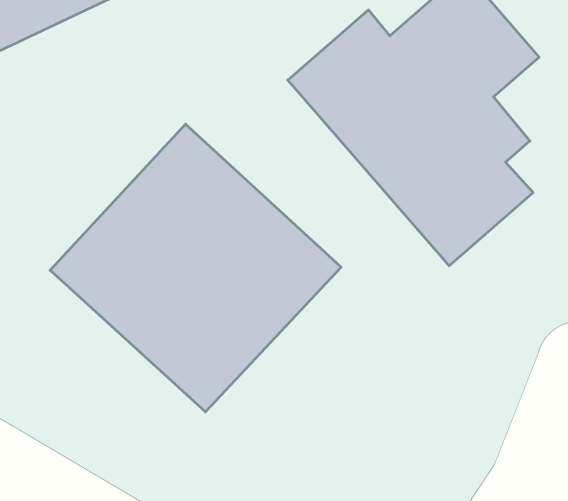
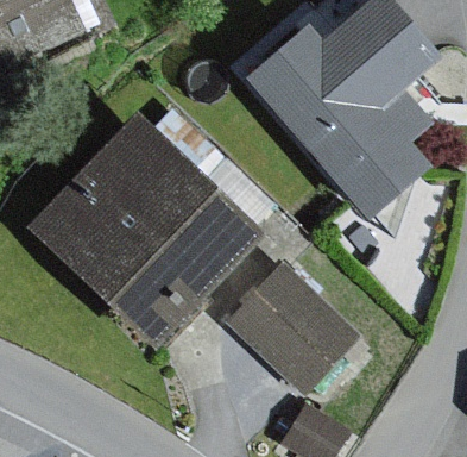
building: none -> [225,262,360,396]

